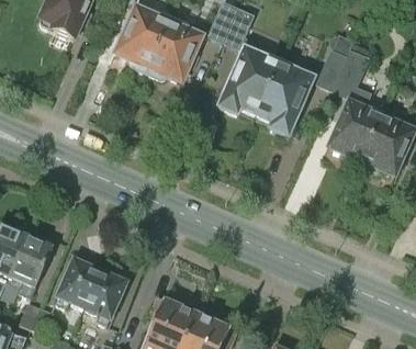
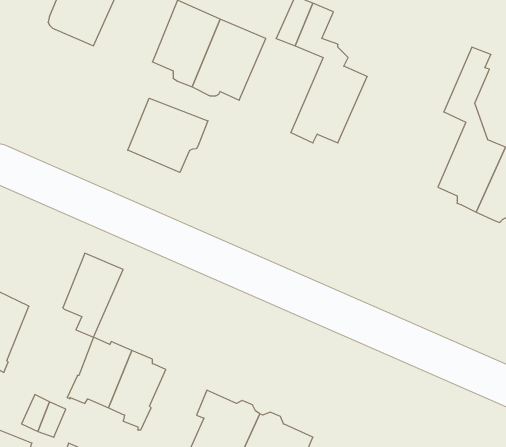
building: [318,33,356,88] -> none
building: [256,61,317,133] -> none
building: none -> [128,98,208,172]
building: [9,233,54,295] -> [63,253,123,337]

